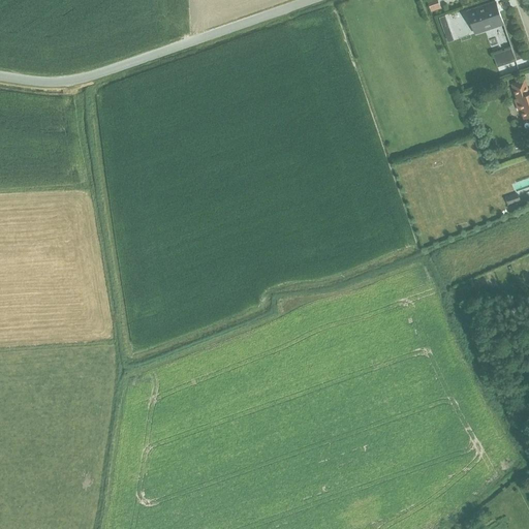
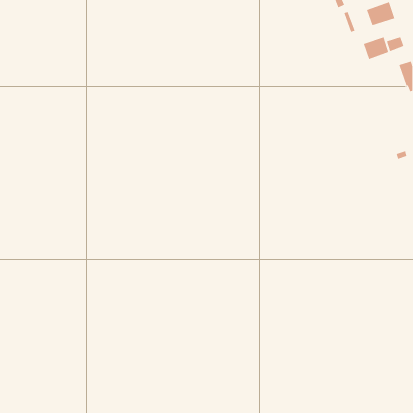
building: none -> [363,37,389,60]

